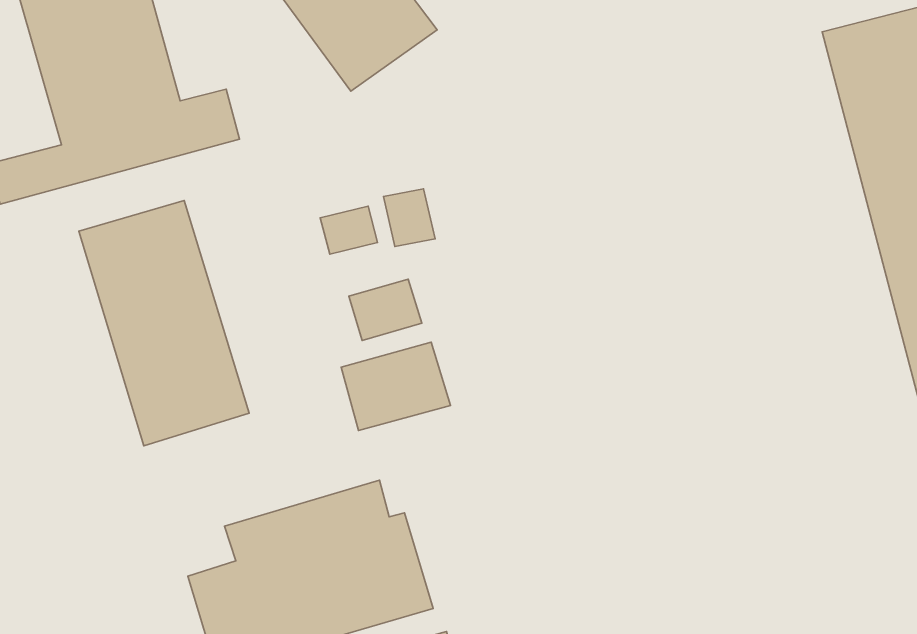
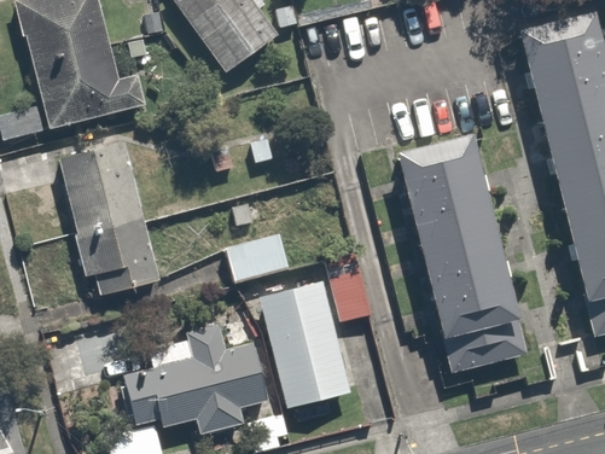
building: none -> [397,135,523,371]
building: none -> [261,274,368,408]

